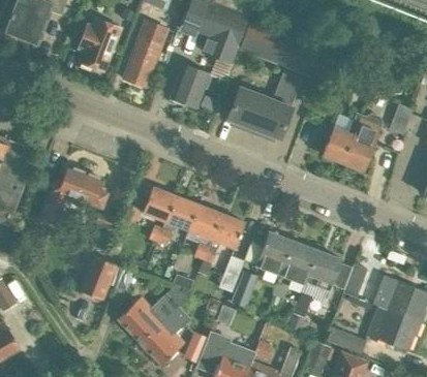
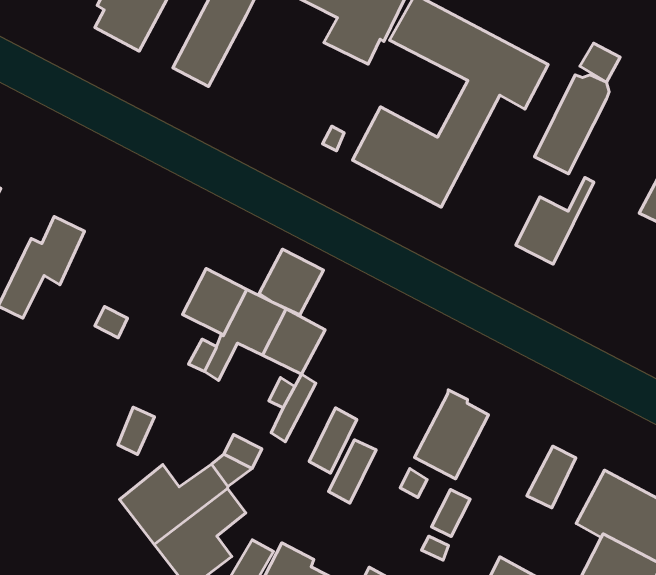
building: [171,63,214,106] -> none
building: [343,115,380,170] -> [535,75,609,174]
building: [72,172,105,208] -> none
building: [211,213,245,248] -> [259,249,323,315]
building: [253,229,293,278] -> none
building: [302,248,342,292] -> none
building: [77,256,116,302] -> none

